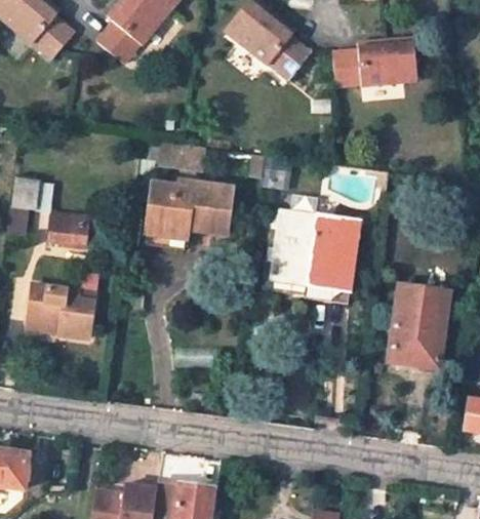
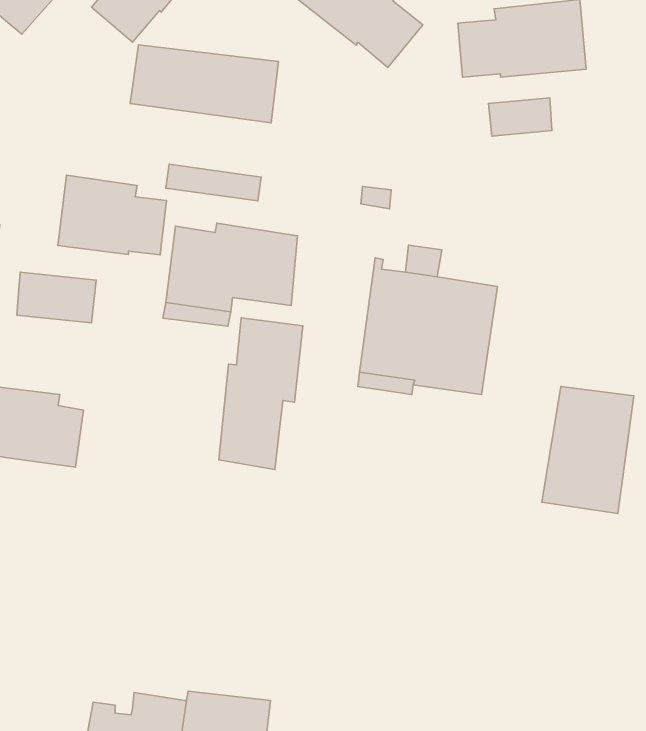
building: none -> [130,45,279,123]
building: none -> [489,98,552,136]
building: none -> [58,175,167,255]
building: none -> [219,318,303,469]

